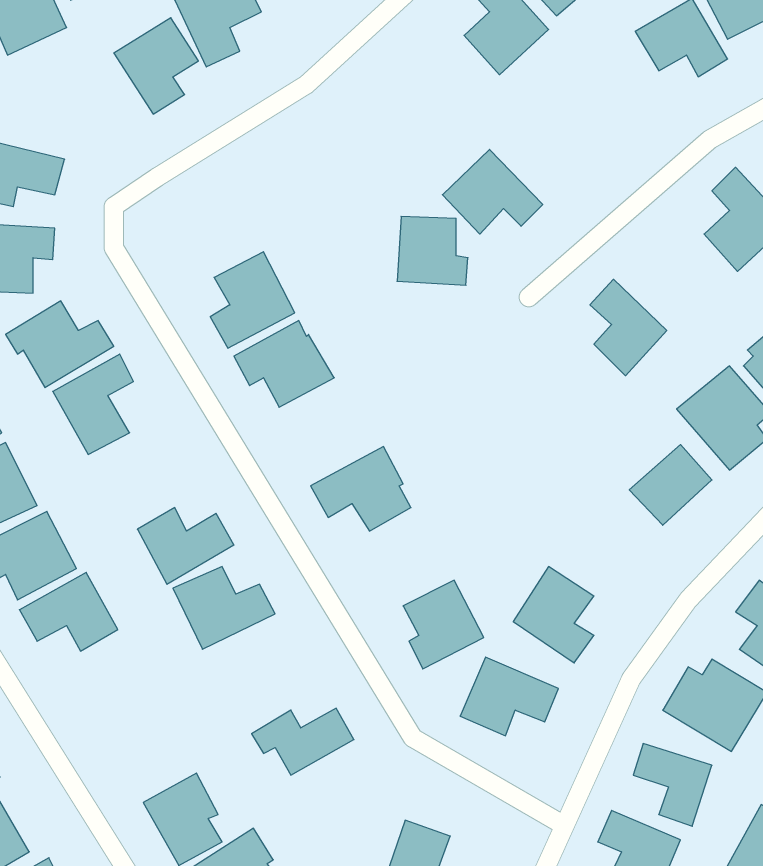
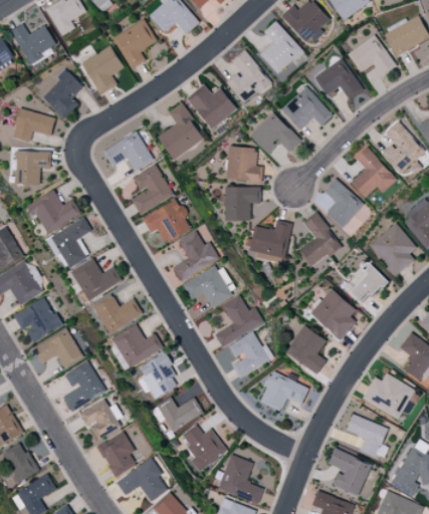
building: none -> [229,50,270,103]
building: none -> [314,58,363,99]
building: none -> [42,68,83,119]
building: none -> [186,84,237,130]
building: none -> [281,86,334,131]
building: none -> [158,103,205,160]
building: none -> [103,133,153,170]
building: none -> [351,147,398,198]
building: none -> [222,187,260,221]
building: none -> [298,214,341,267]
building: none -> [249,220,291,259]
building: none -> [173,231,220,281]
building: none -> [70,258,123,300]
building: none -> [310,289,357,339]
building: none -> [215,295,264,346]
building: none -> [138,352,177,400]
building: none -> [63,361,106,412]
building: none -> [81,400,123,441]
building: none -> [181,425,227,472]

